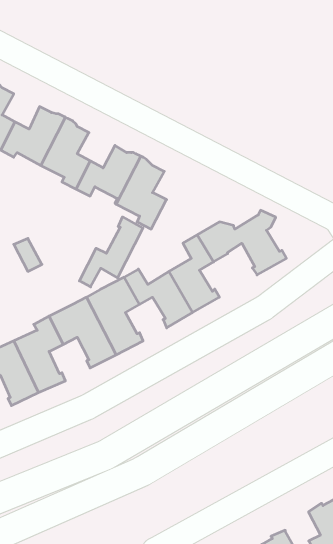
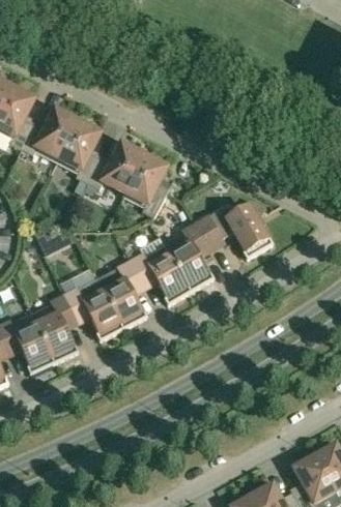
building: [79,217,143,287] -> none

